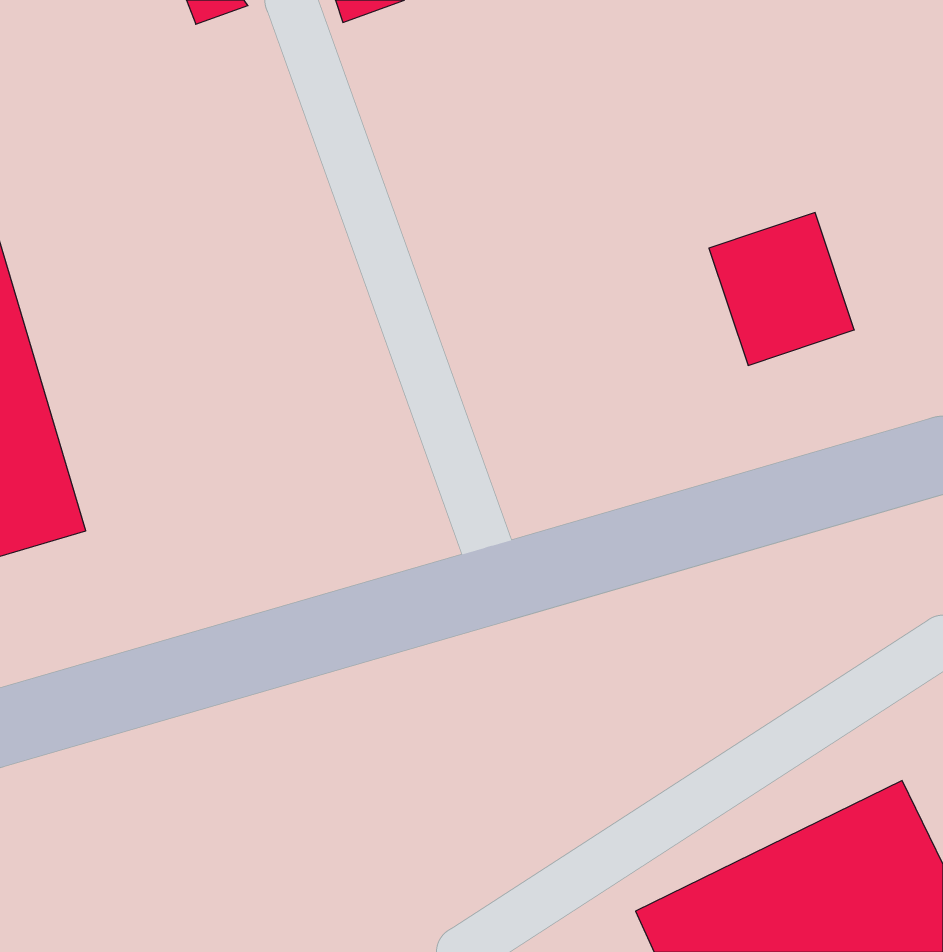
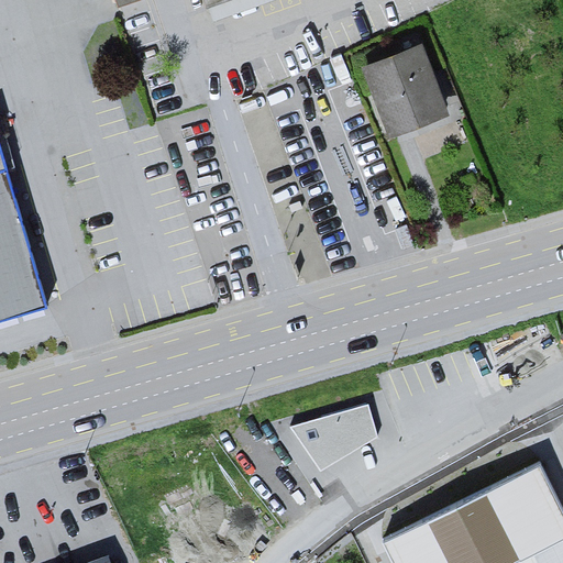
building: [709,213,854,365] -> [364,52,450,142]
building: none -> [280,402,374,473]

